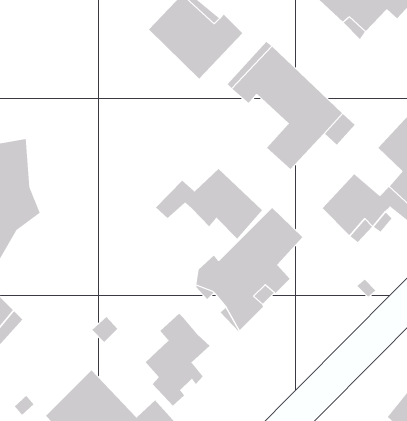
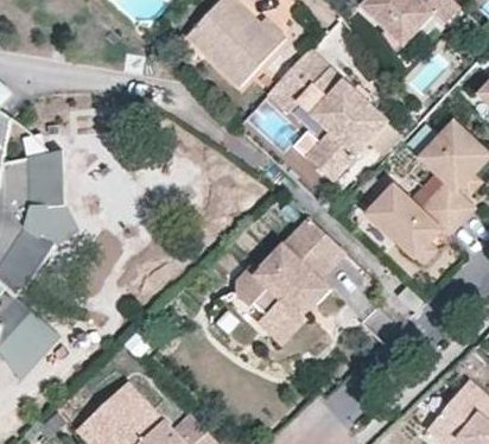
building: [155,168,263,239] -> none
building: [145,313,210,407] -> none

